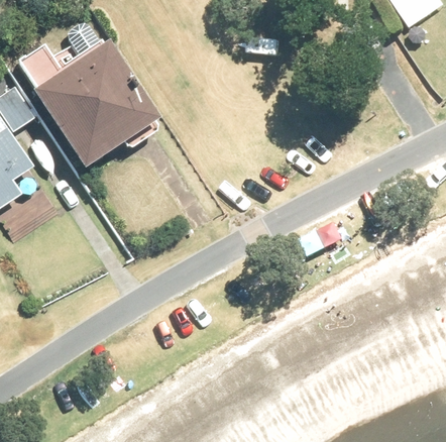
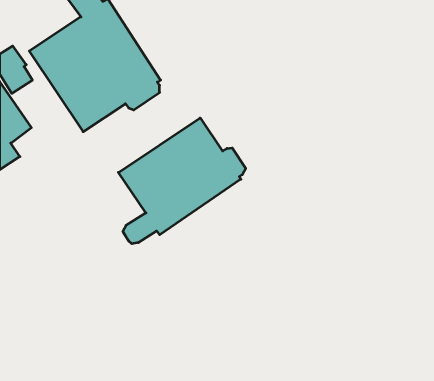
building: none -> [118,118,246,244]

